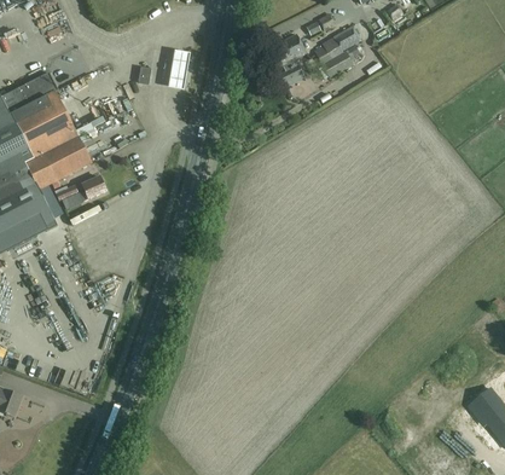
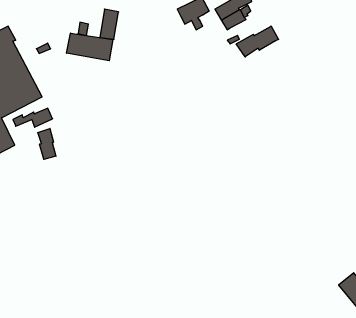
building: none -> [236,26,279,57]
building: none -> [67,33,113,61]
building: none -> [38,128,56,159]

